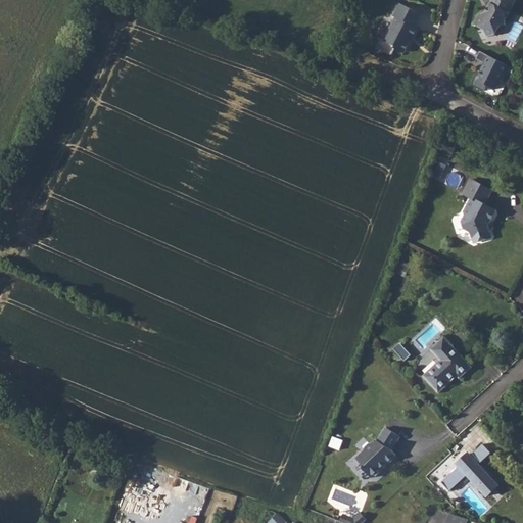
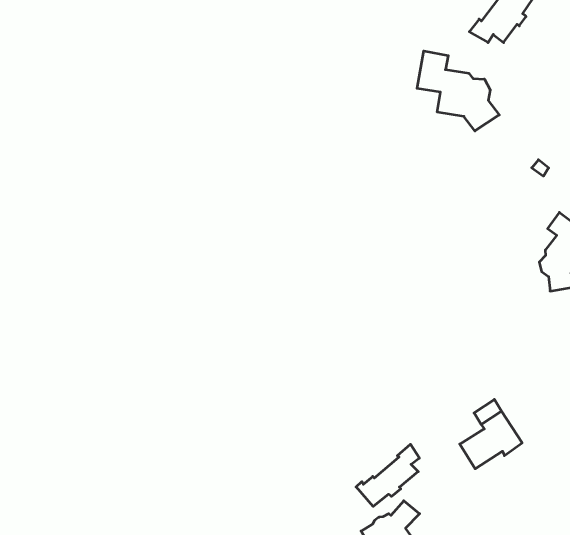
building: none -> [417,51,499,131]
building: none -> [356,444,419,506]

